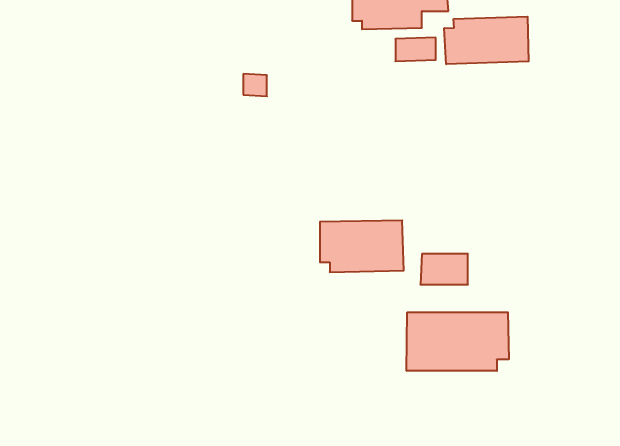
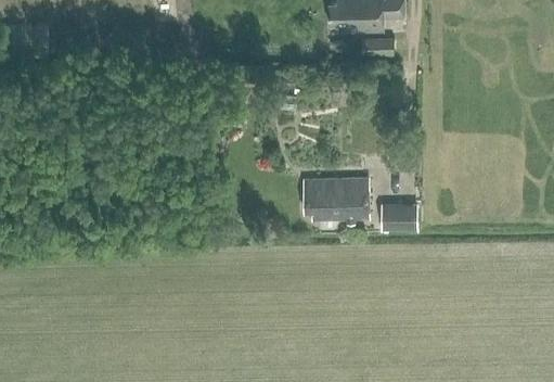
building: [444,17,529,64] -> none
building: [407,312,509,371] -> none

